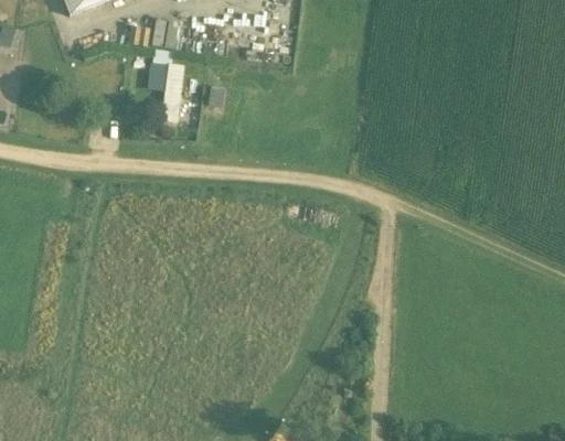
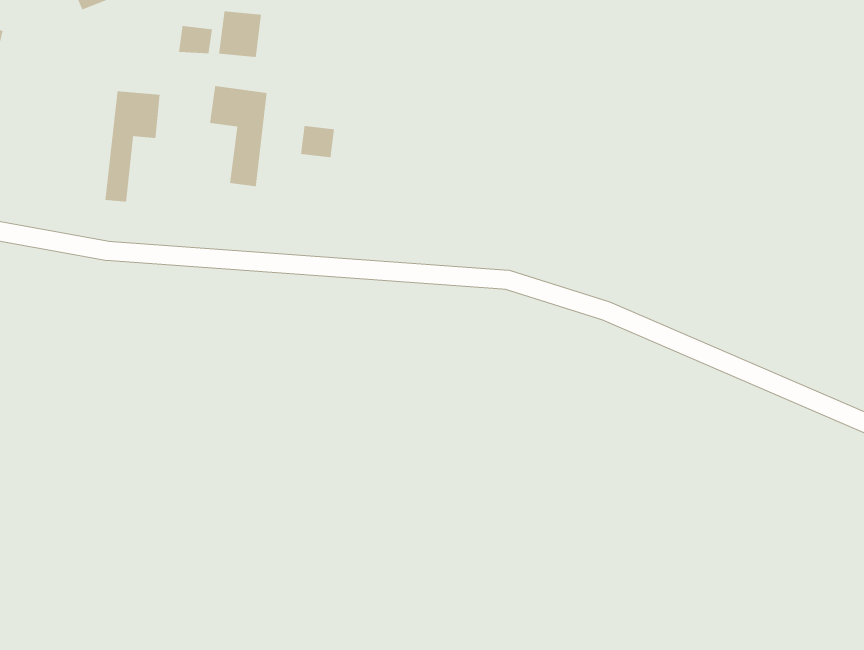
building: none -> [104,91,160,202]

